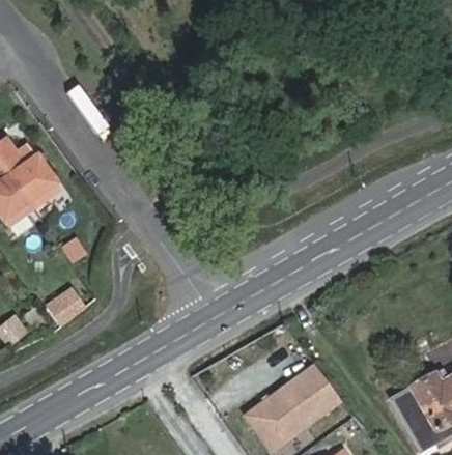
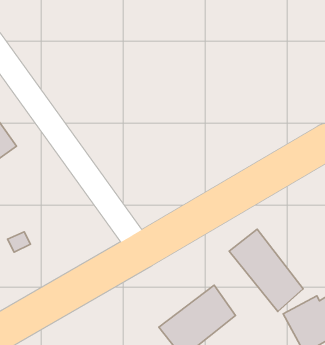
building: none -> [229,229,303,311]

